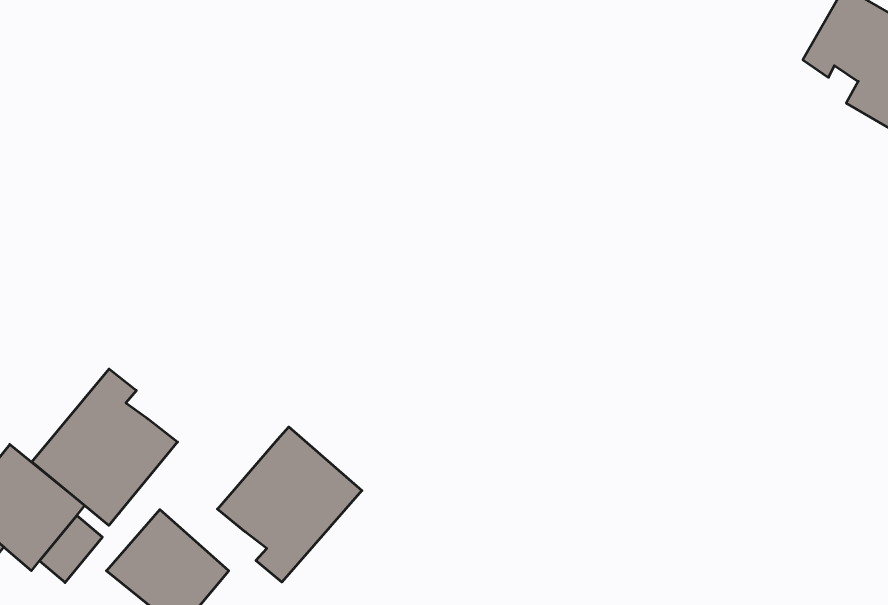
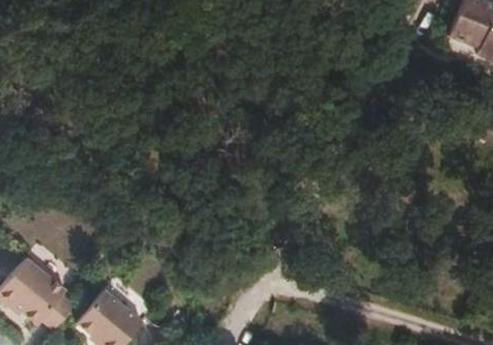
building: [32,369,178,525] -> none
building: [217,427,362,582] -> none

